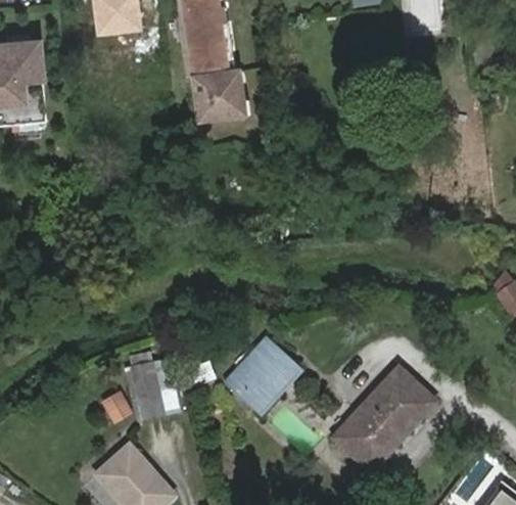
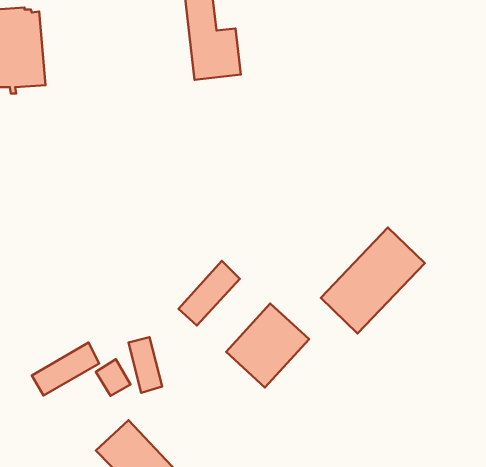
building: none -> [178,261,240,325]
building: [334,366,435,469] -> [321,228,425,334]
building: none -> [32,343,99,396]

